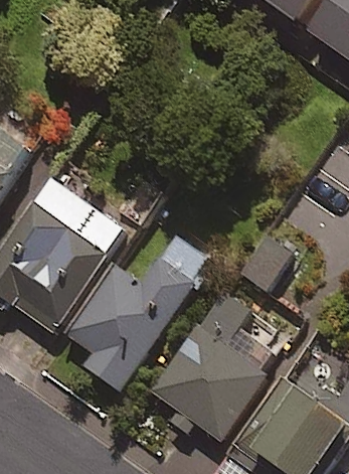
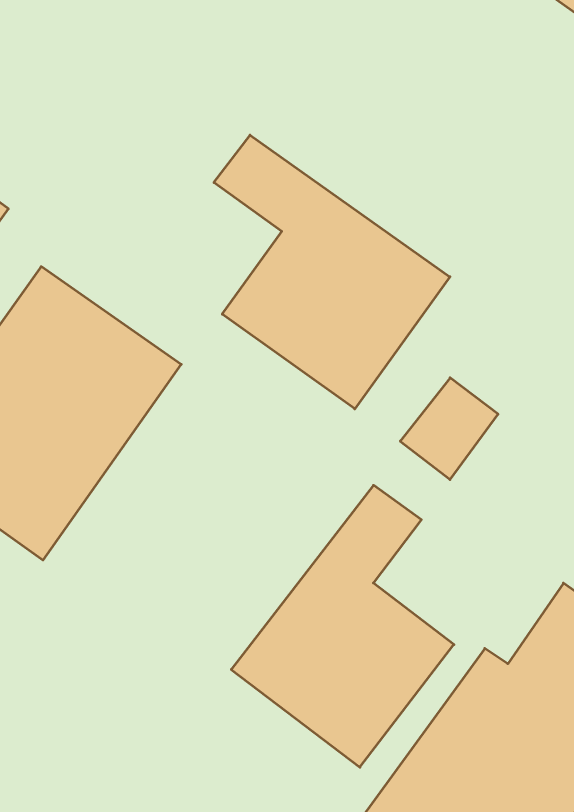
building: none -> [214,135,450,409]
building: [65,231,214,391] -> none

